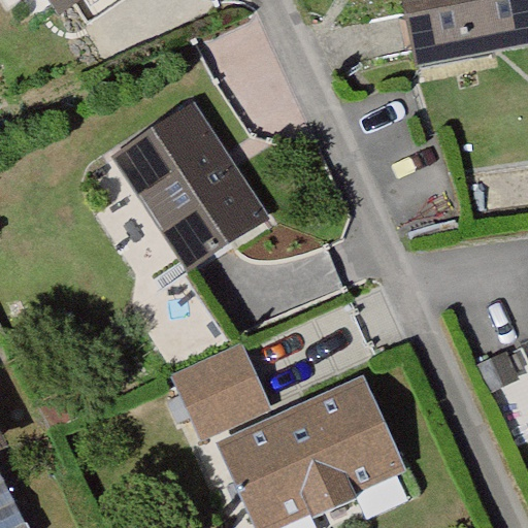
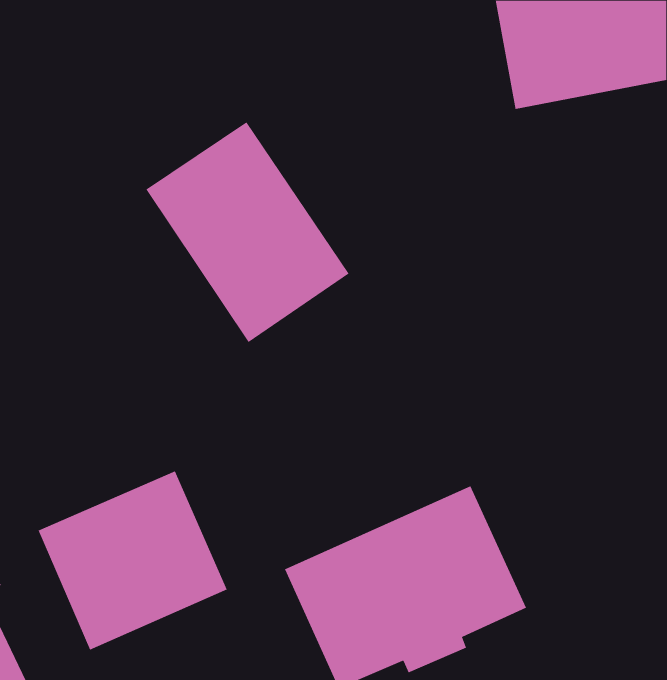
building: [170,343,267,438] -> none
building: none -> [38,470,228,650]

